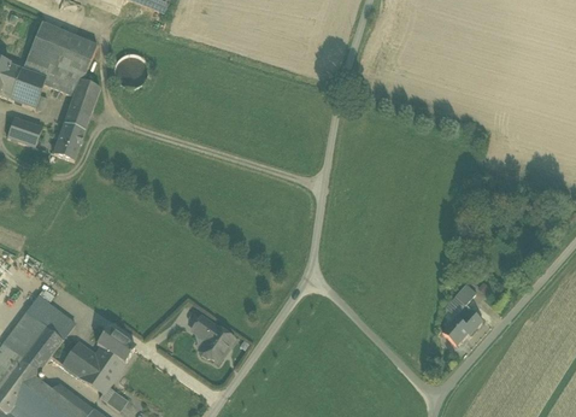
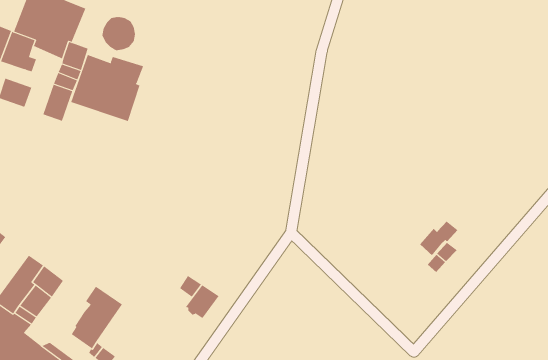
building: none -> [70,54,144,122]
building: [442,309,482,345] -> [419,221,458,256]
building: [63,342,94,377] -> none

